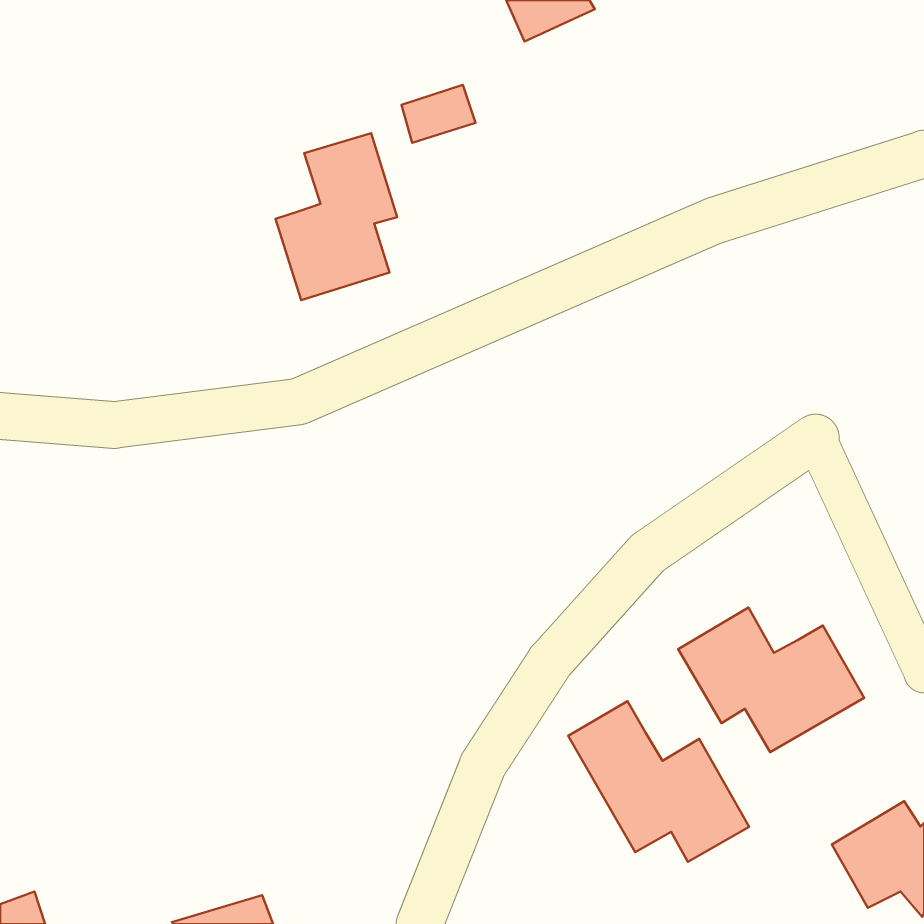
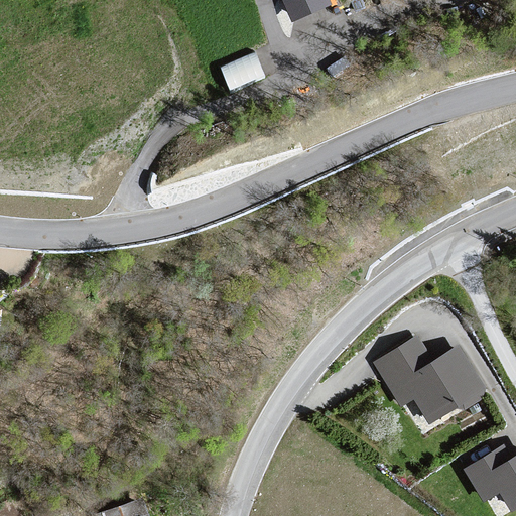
building: [275,133,397,300] -> none
building: [568,701,749,862] -> none

